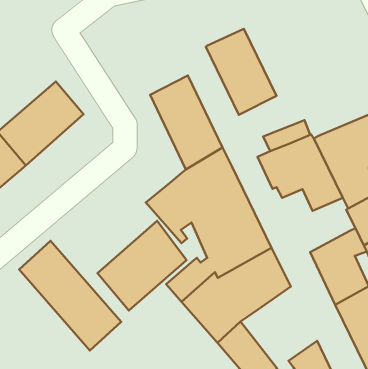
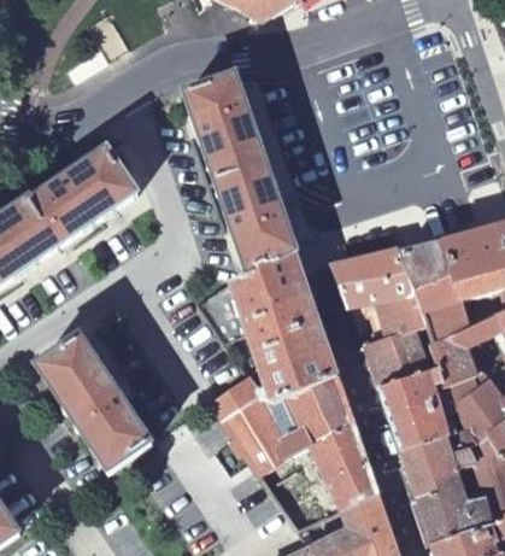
building: [206,29,277,115] -> [188,77,264,177]
building: none -> [366,326,433,385]
building: [97,221,187,311] -> none
building: none -> [307,422,377,509]

